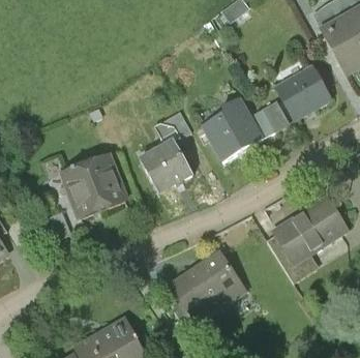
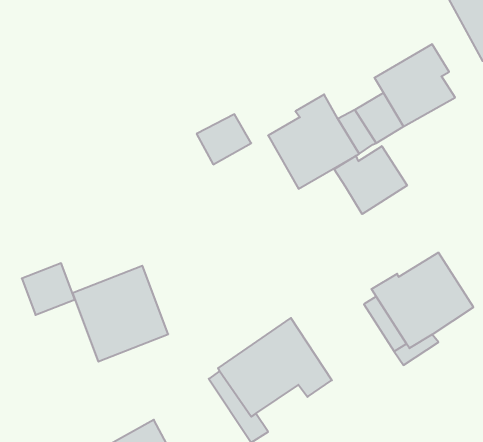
building: none -> [334,146,407,214]
building: [141,140,192,191] -> none
building: [60,154,125,219] -> [72,266,168,362]

